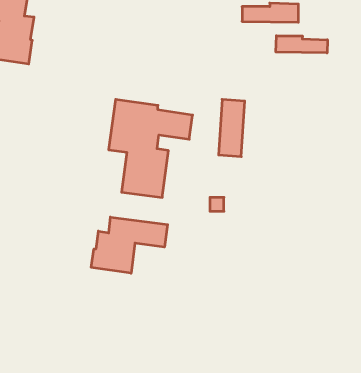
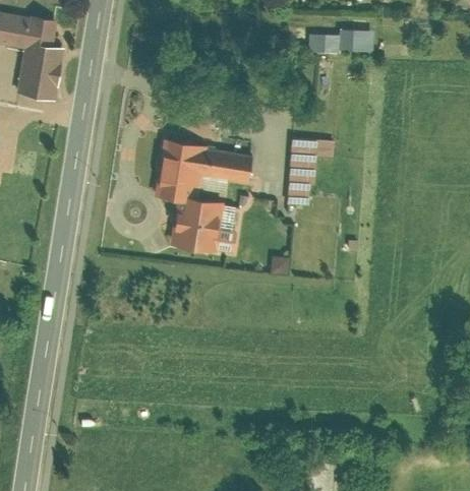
building: [276,36,327,53] -> none
building: [91,217,168,273] -> none

